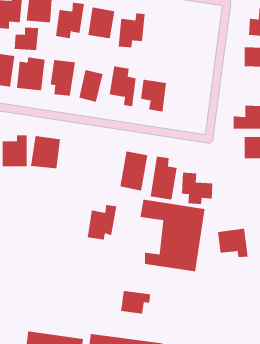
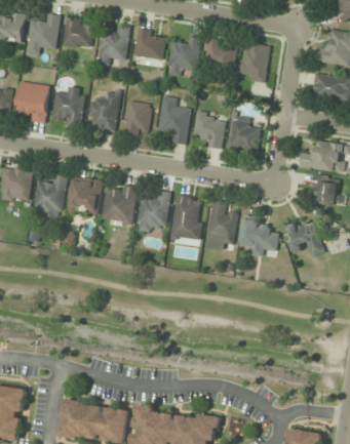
building: none -> [203,39,238,72]
building: none -> [239,44,269,82]
building: [14,27,39,51] -> none
building: none -> [227,117,261,157]
building: none -> [103,186,137,225]
building: [140,199,205,272] -> none
building: [87,204,117,240] -> [137,192,171,233]
building: [217,228,249,258] -> [285,221,321,255]
building: [121,290,151,314] -> none

